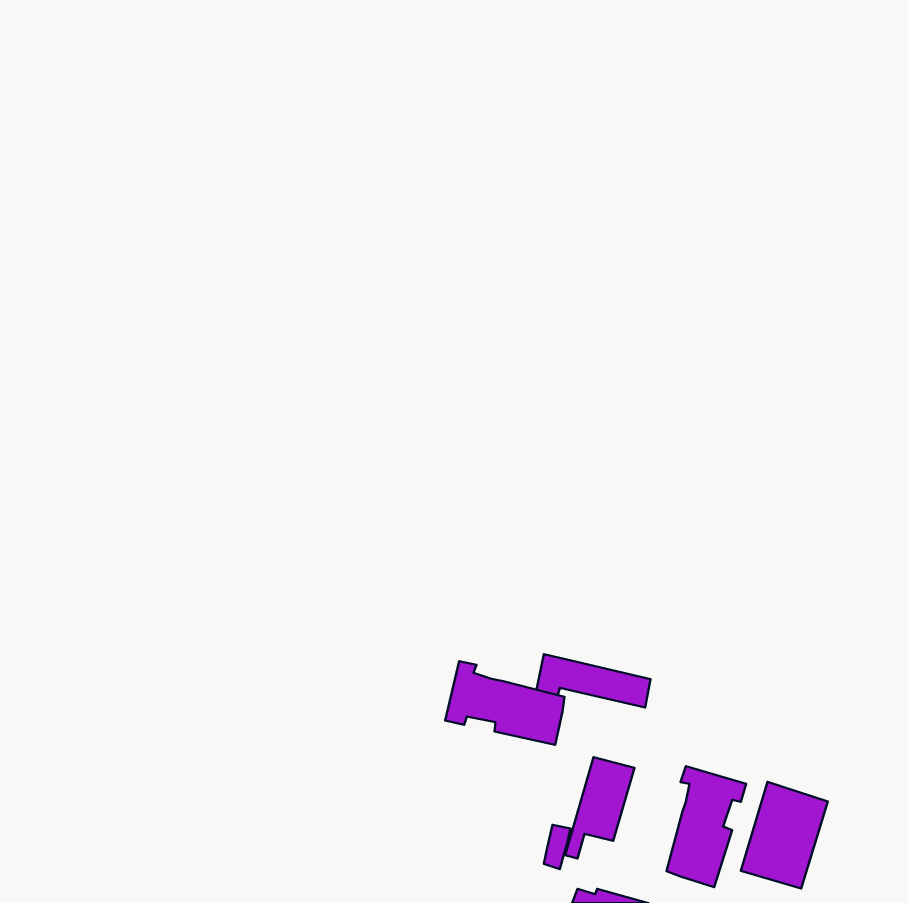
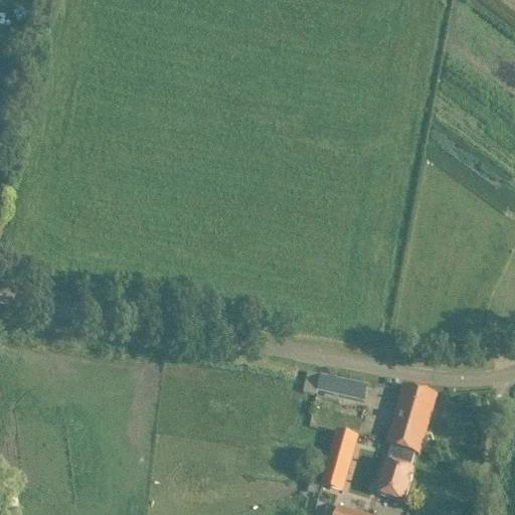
building: [445,661,565,745] -> none
building: [741,782,828,888] -> [388,383,438,444]

